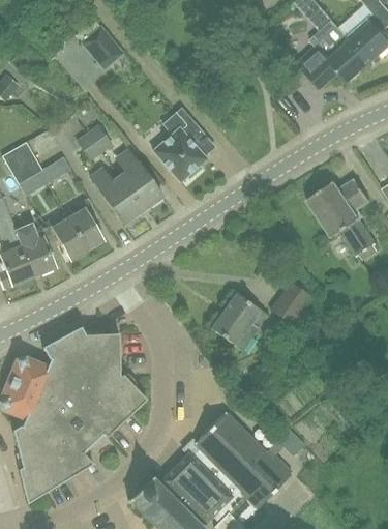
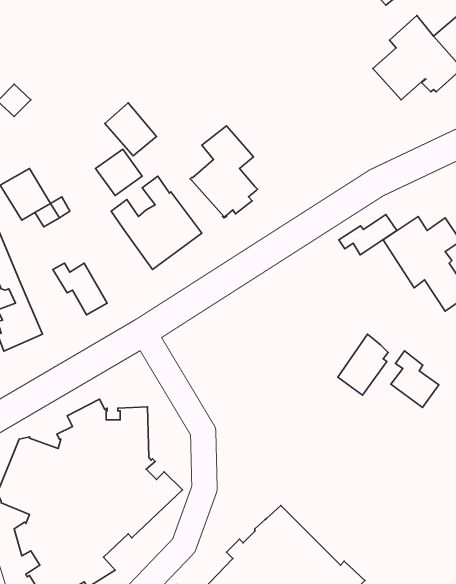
building: [82,26,123,68] -> [105,103,157,156]
building: none -> [339,215,397,255]
building: [68,199,103,249] -> none
building: [17,225,56,274] -> none
building: none -> [391,351,439,407]
building: [210,292,268,351] -> none

